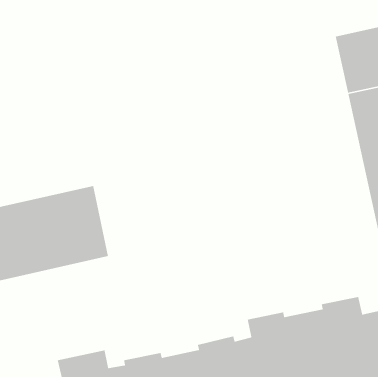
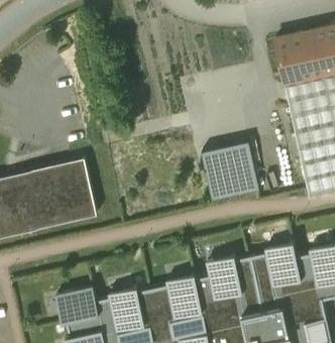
building: none -> [206,141,263,197]

